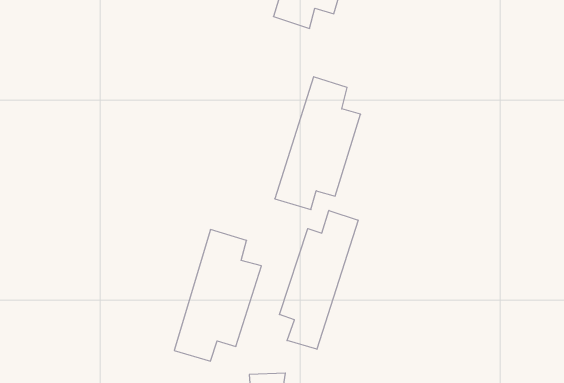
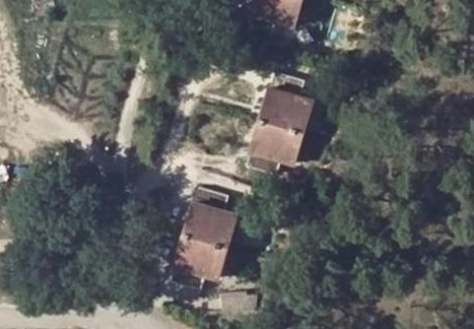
building: [279,210,358,349] -> none

